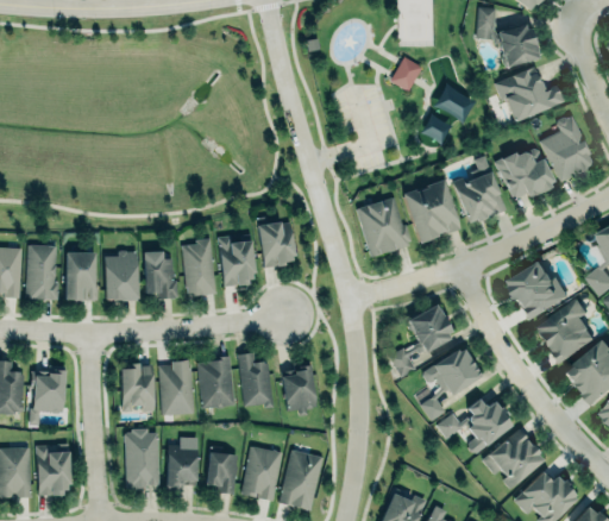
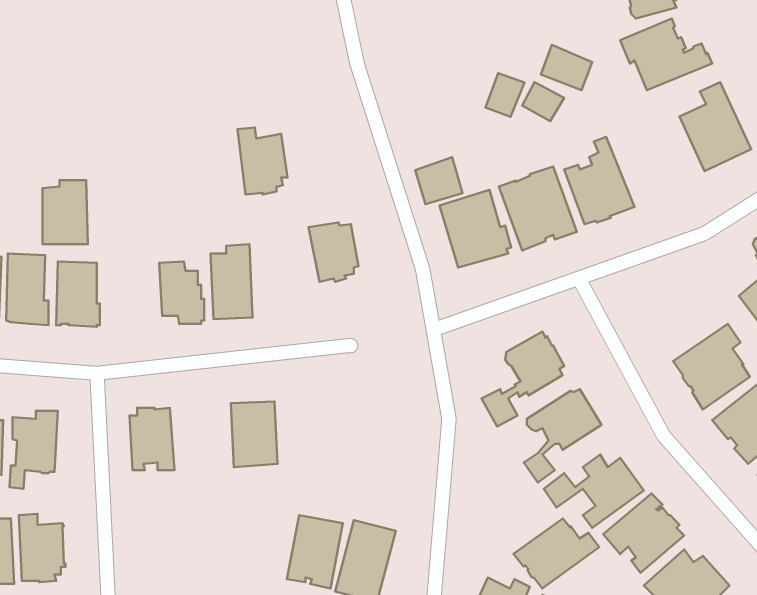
building: [391,57,421,90] -> [486,73,525,117]
building: [492,147,553,199] -> none
building: none -> [415,157,462,204]
building: [218,234,256,285] -> [238,128,287,195]
building: [103,251,138,300] -> [42,180,88,244]
building: [509,262,567,320] -> none
building: [238,353,272,408] -> none
building: [158,359,194,415] -> none
building: [281,365,318,414] -> none
building: [124,428,159,489] -> none
building: [165,438,197,487] -> none
building: none -> [513,519,599,588]
building: [206,453,236,495] -> none

